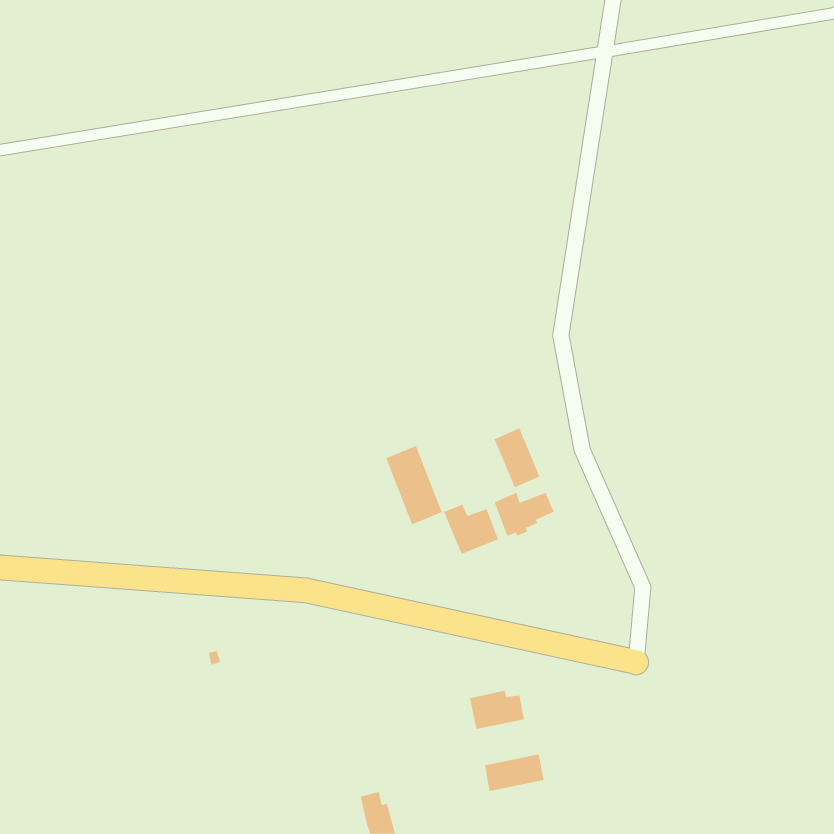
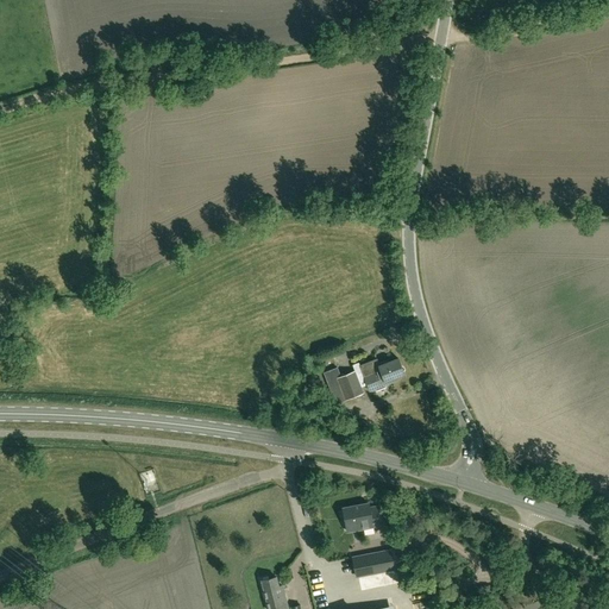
building: [494,428,540,488] -> none
building: [385,445,442,525] -> none

